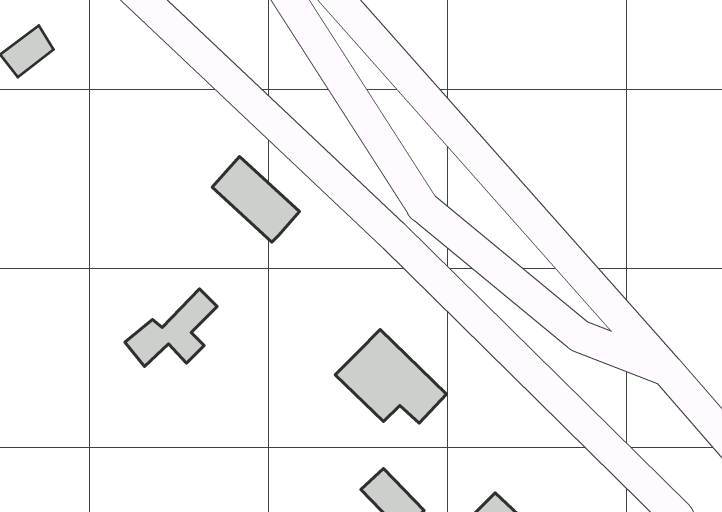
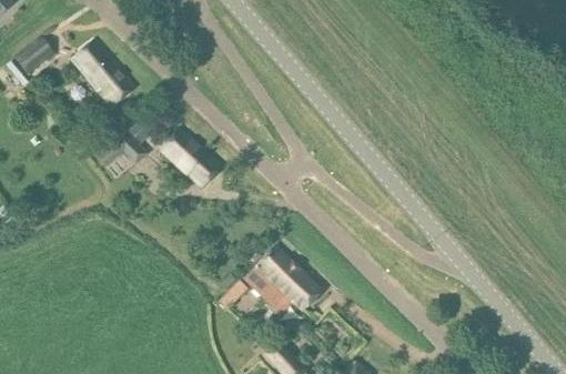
building: none -> [70,39,133,105]
building: [125,289,217,366] -> [92,115,155,169]

